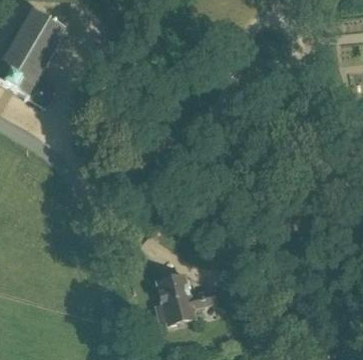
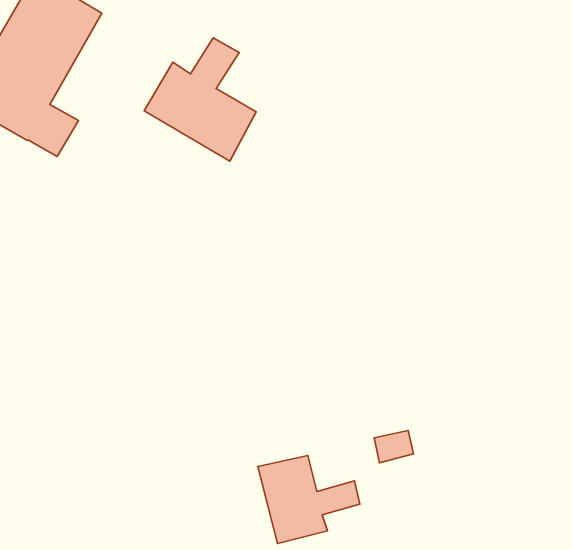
building: none -> [144,38,256,161]

